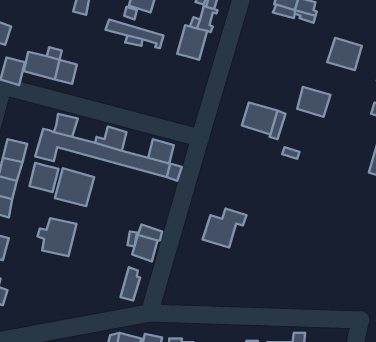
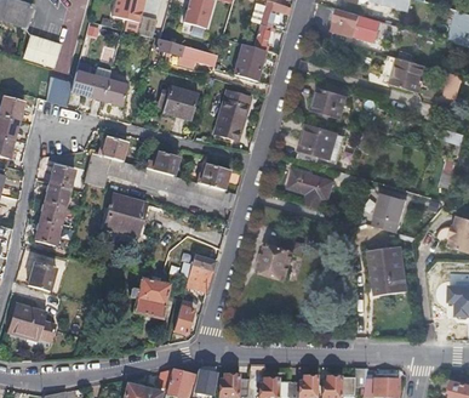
building: none -> [164,86,198,119]
building: none -> [215,90,252,141]
building: [297,87,331,117] -> [313,87,348,119]
building: none -> [288,170,332,209]
building: [29,163,58,192] -> none
building: none -> [372,193,406,233]
building: none -> [368,245,407,295]
building: [37,218,77,256] -> [128,278,170,318]

